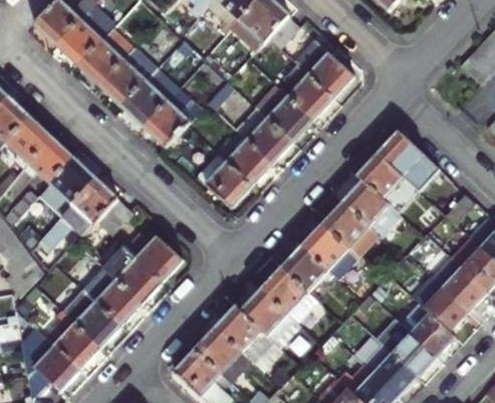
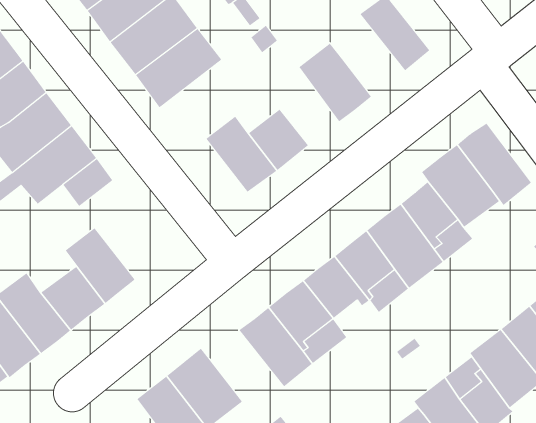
building: [283,64,334,123] -> none
building: [237,110,292,165] -> none
building: [128,233,183,281] -> none
building: [218,301,285,368] -> none

